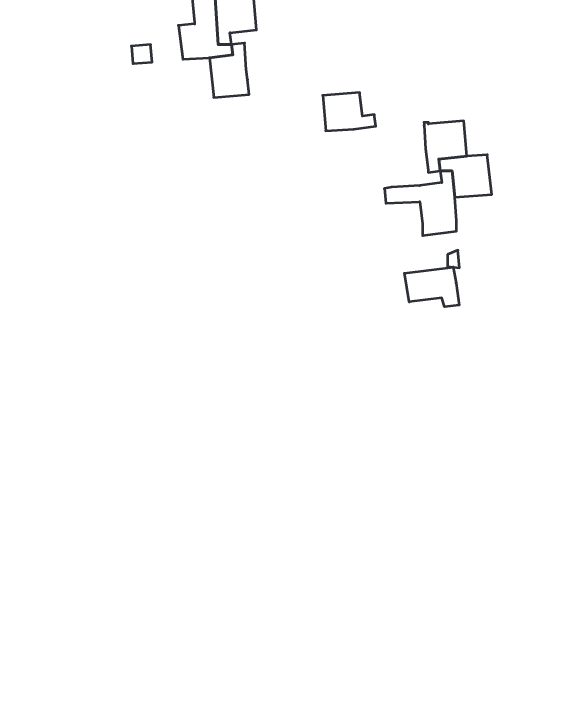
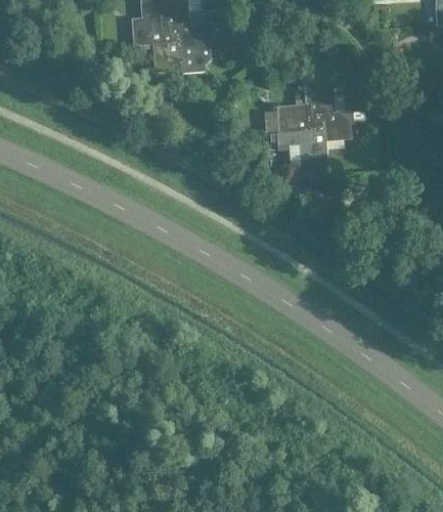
building: none -> [167,20,203,56]
building: [323,93,376,131] -> [277,104,314,131]
building: [404,267,459,307] -> none

